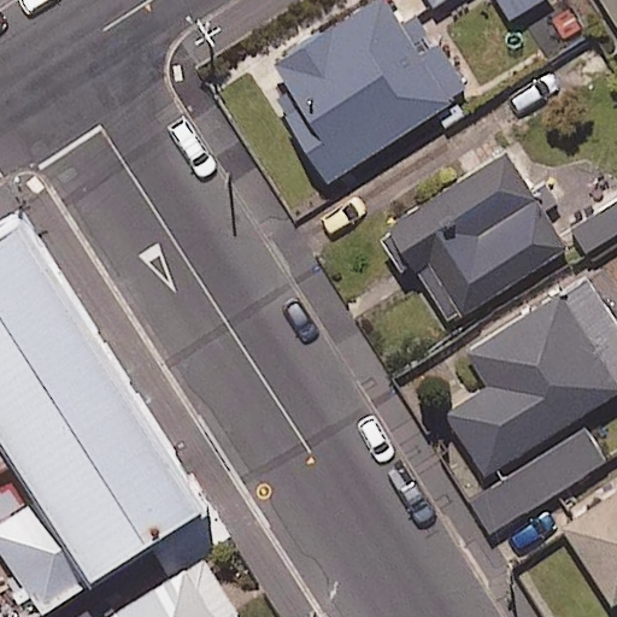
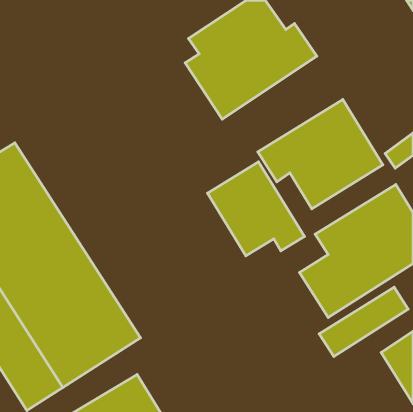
building: none -> [208,162,304,256]

